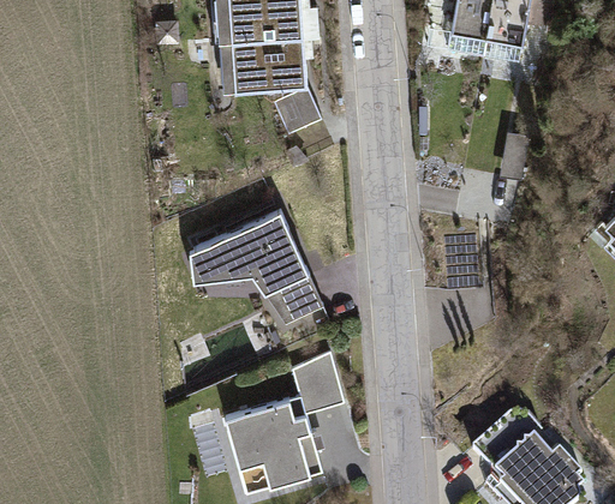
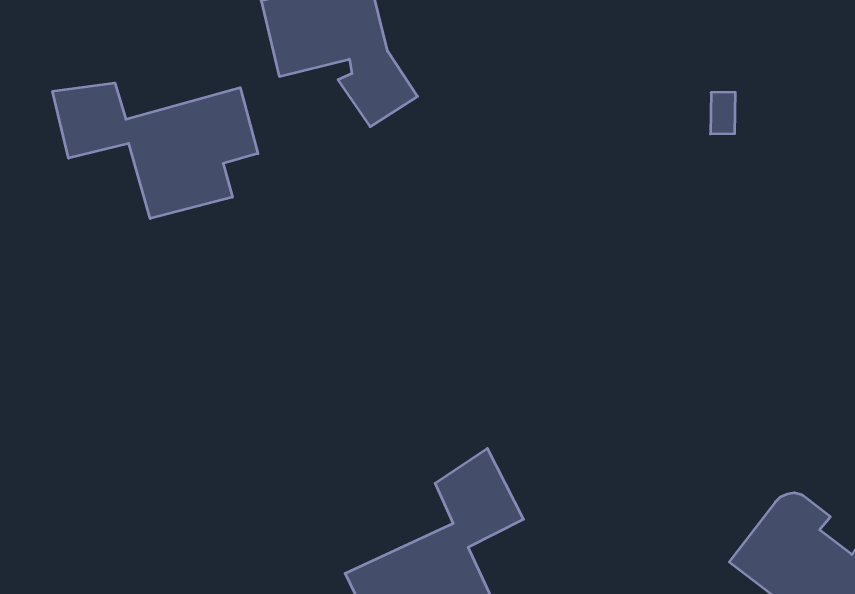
building: none -> [53,83,258,219]
building: [189,211,322,323] -> none

